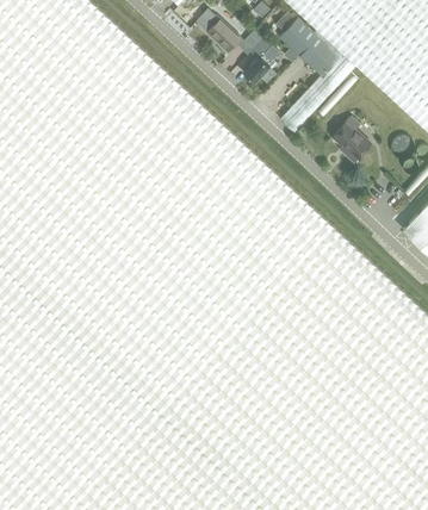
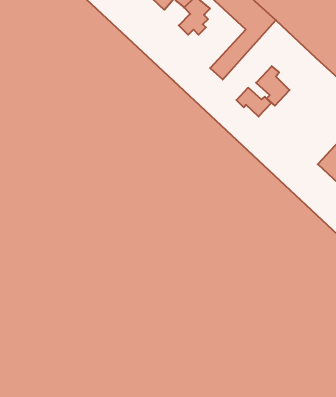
building: none -> [236,88,271,117]

